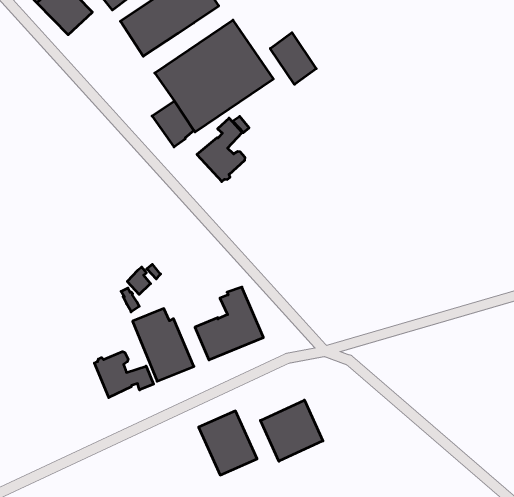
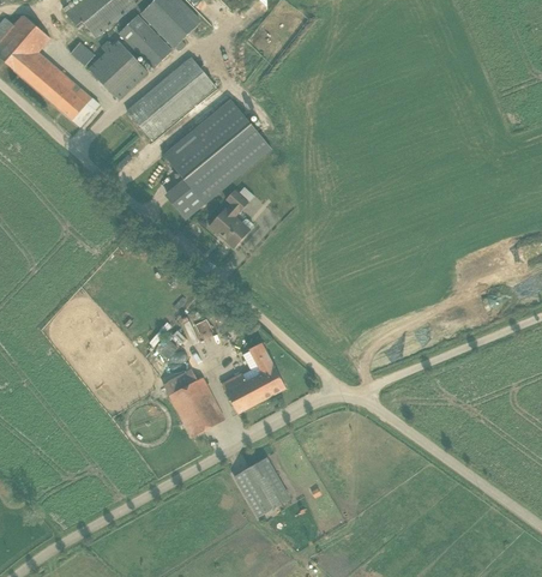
building: [270,33,316,84] -> none
building: [94,352,154,398] -> none
building: [260,400,323,461] -> none

